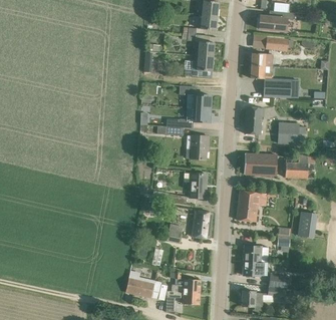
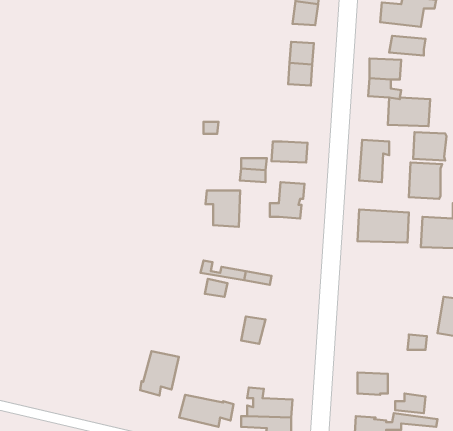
building: [180,84,211,108] -> none
building: none -> [413,132,446,160]
building: [184,174,207,198] -> [205,191,240,227]
building: [237,190,267,221] -> none
building: [192,211,213,237] -> none
building: [244,246,269,263] -> none
building: none -> [140,351,179,395]

